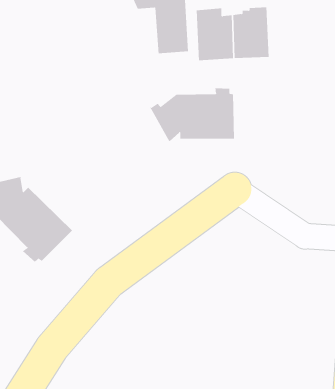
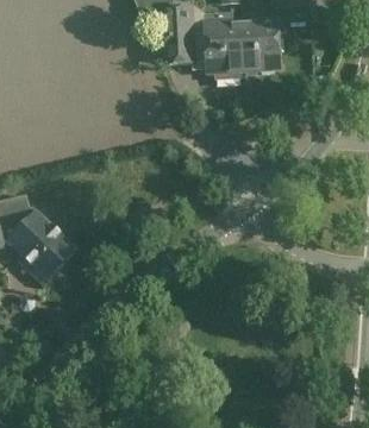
building: [149,88,235,142] -> none

